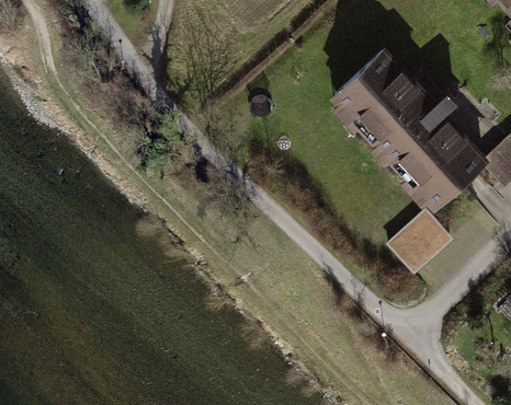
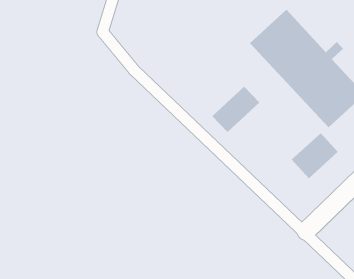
building: none -> [212,86,260,133]

